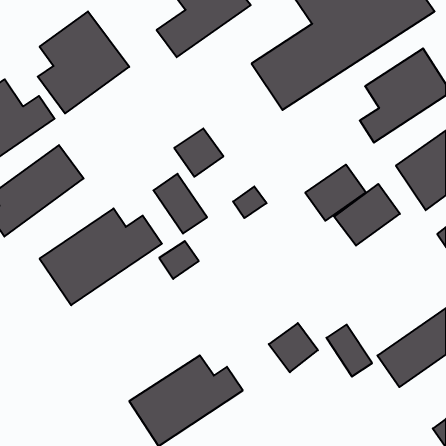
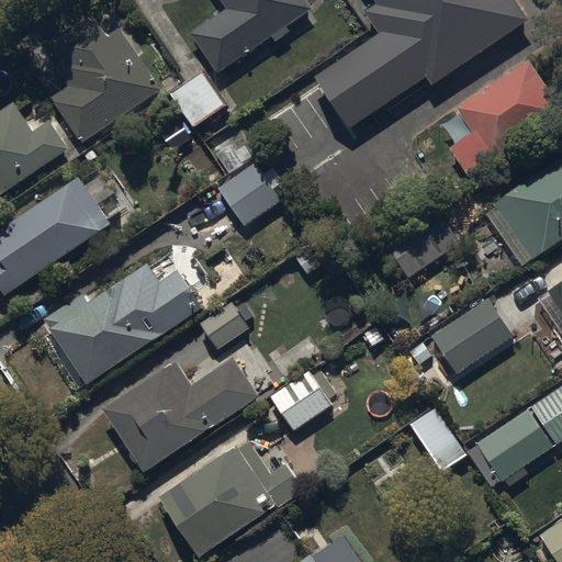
building: none -> [169,69,224,126]
building: [153,174,207,234] -> none
building: [334,184,400,246] -> [427,296,509,373]
building: none -> [105,358,257,471]
building: [269,323,318,372] -> [268,368,329,429]

